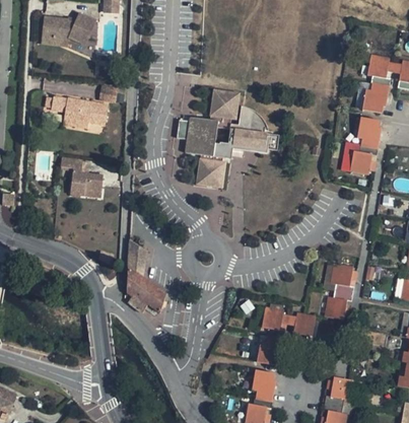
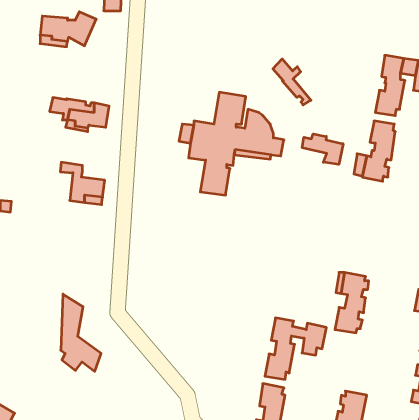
building: none -> [273,59,311,105]
building: none -> [302,134,343,164]
building: [127,239,165,313] -> [61,294,101,371]

